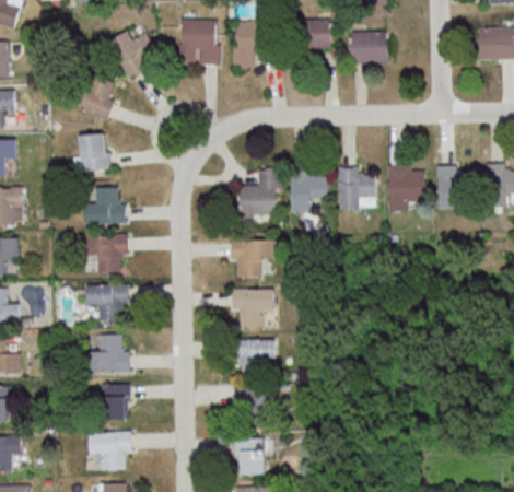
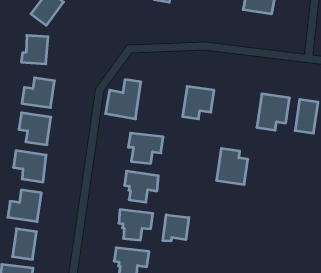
building: [339,167,375,209] -> [216,148,248,184]
building: [240,168,279,216] -> [105,80,141,119]
building: none -> [163,215,189,241]

